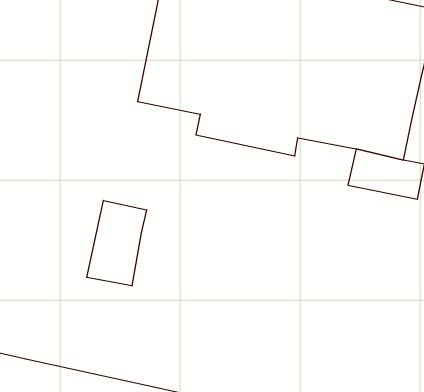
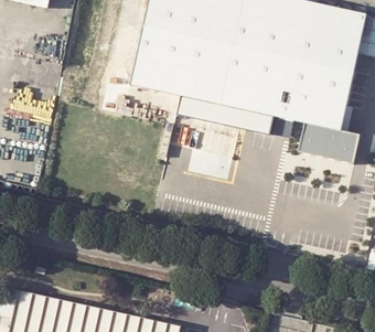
building: [87,200,146,286] -> none

